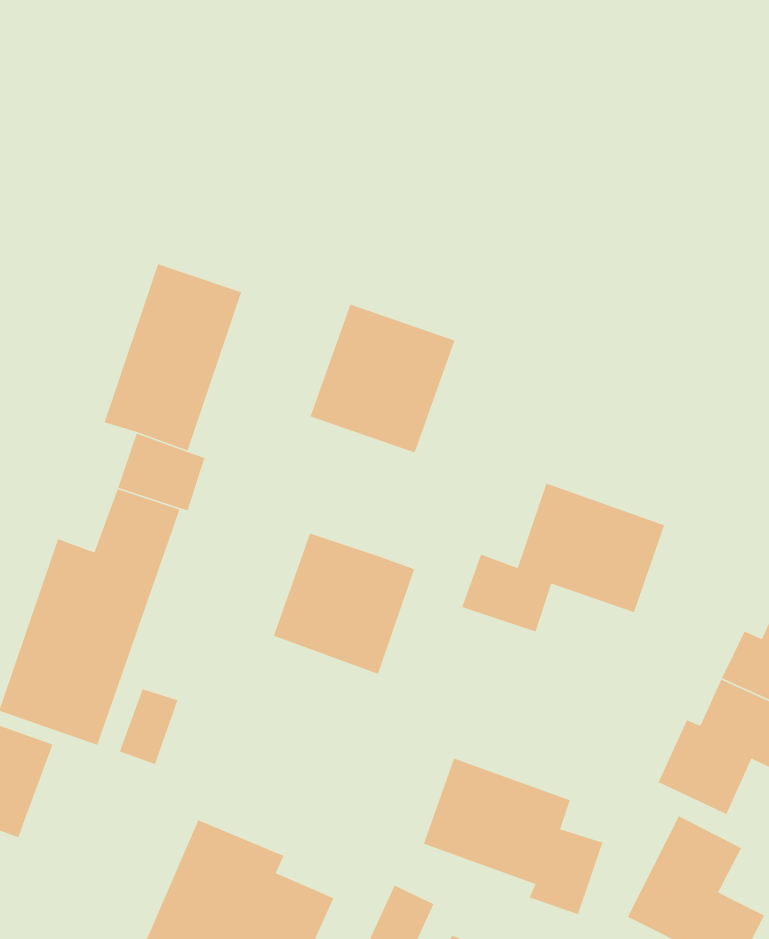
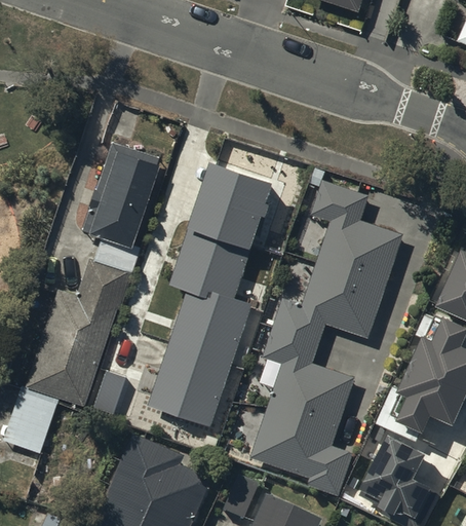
building: none -> [312,181,400,285]
building: none -> [174,227,249,301]
building: none -> [265,329,351,431]
building: none -> [153,344,230,422]

